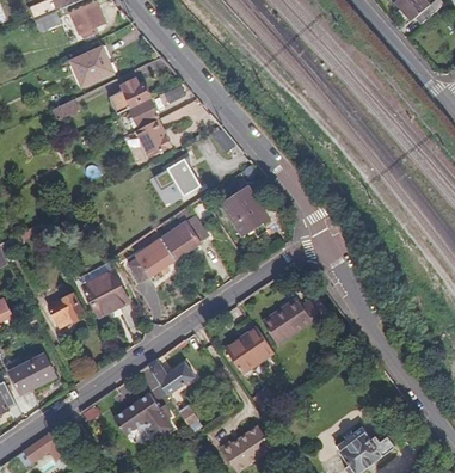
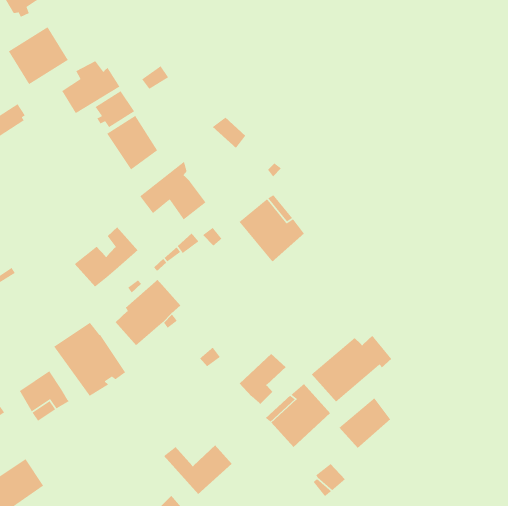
building: [160,217,208,259] -> [74,227,139,288]
building: none -> [239,353,287,406]
building: none -> [339,397,391,449]

